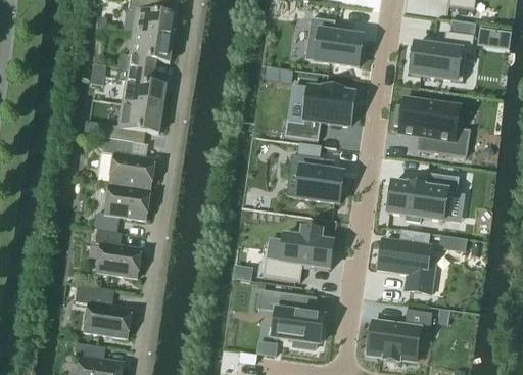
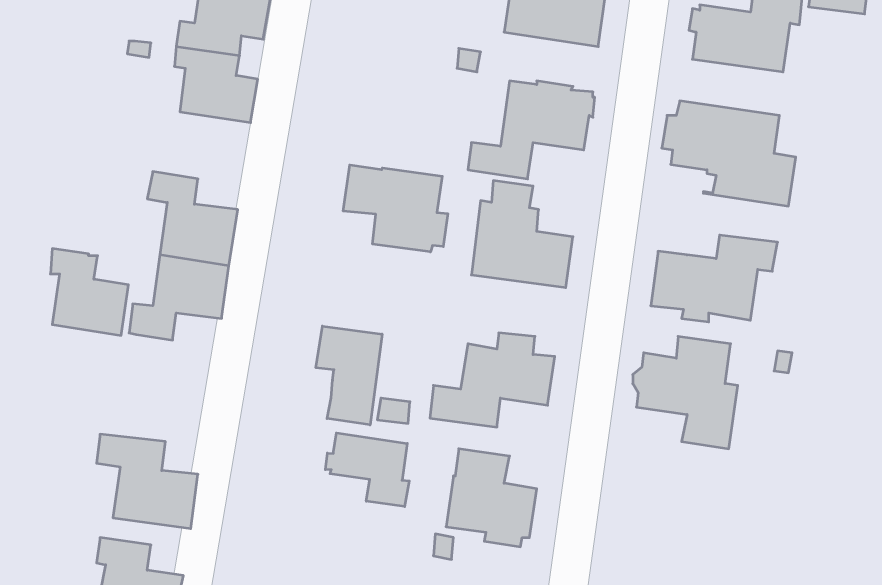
building: [110,102,161,140] -> none
building: none -> [343,165,448,252]
building: none -> [316,326,382,425]
building: [96,228,140,277] -> [50,249,128,335]
building: none -> [325,433,409,507]
building: [367,308,432,360] -> none

